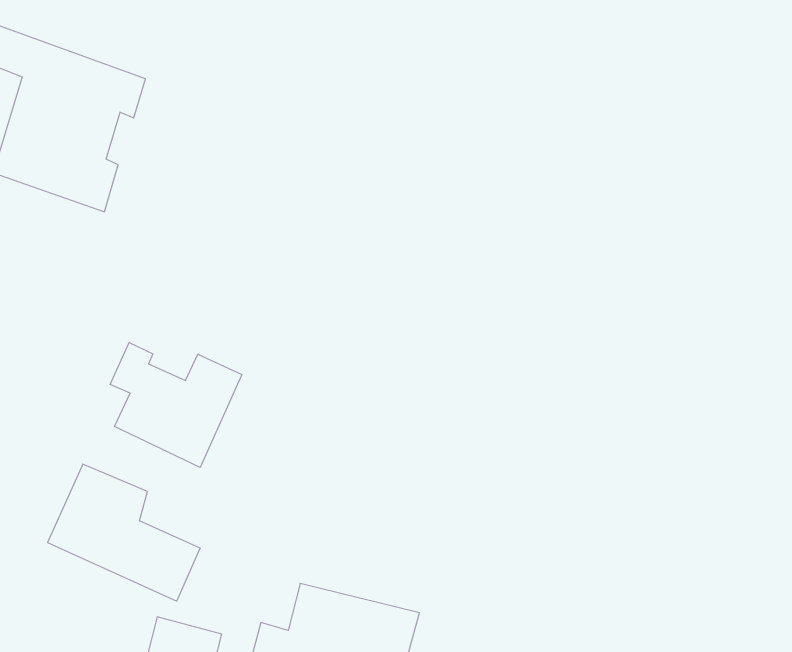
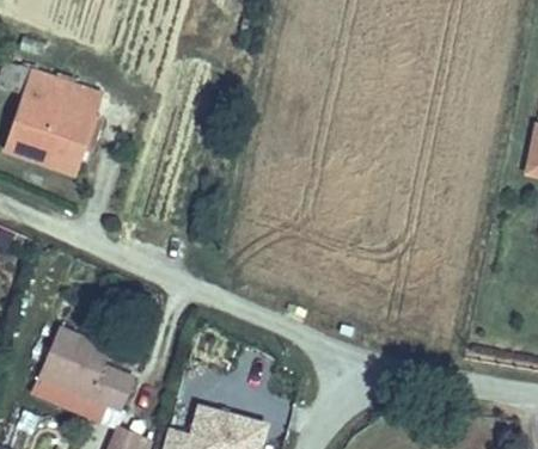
building: [110,342,242,467] -> none

